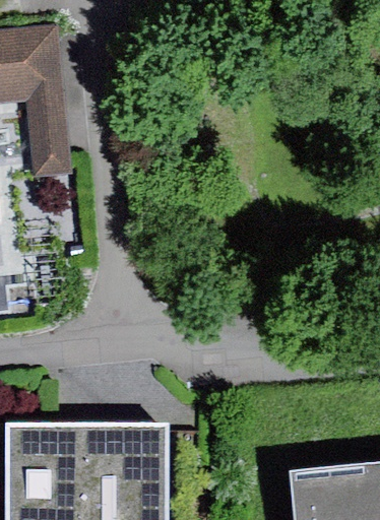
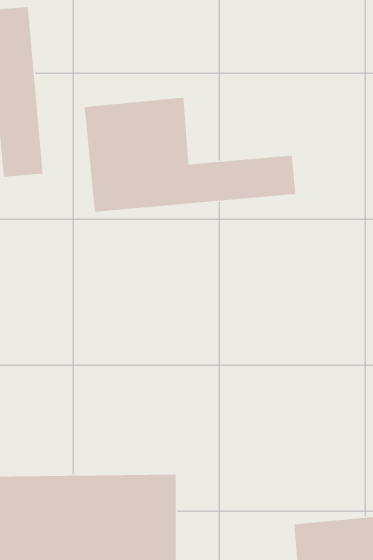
building: none -> [84,97,296,213]

